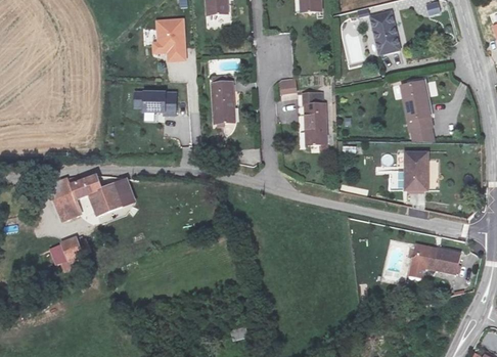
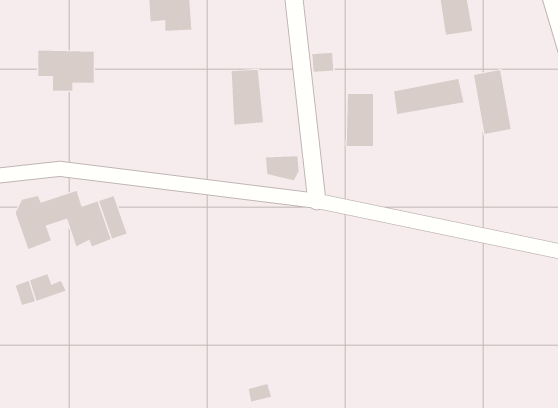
building: [131,83,175,115] -> [37,50,94,91]
building: none -> [393,78,464,115]
building: [403,158,428,196] -> none
building: [414,244,461,269] -> none

